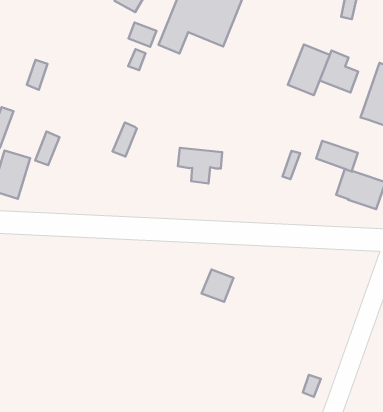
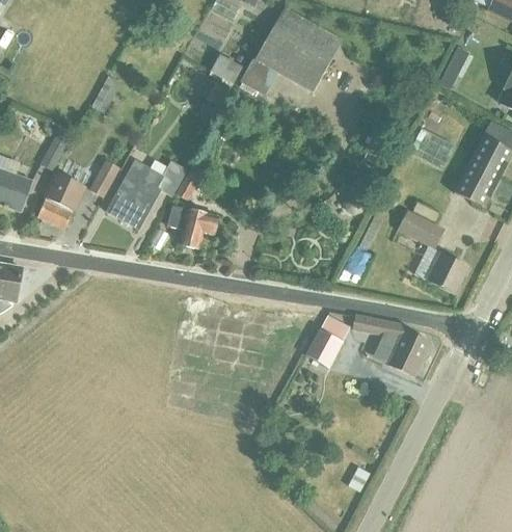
building: [288,44,330,95] -> none
building: none -> [106,161,186,230]
building: [178,148,222,184] -> [167,205,218,248]
building: none -> [353,315,430,376]
building: [201,269,233,302] -> [305,329,343,367]

